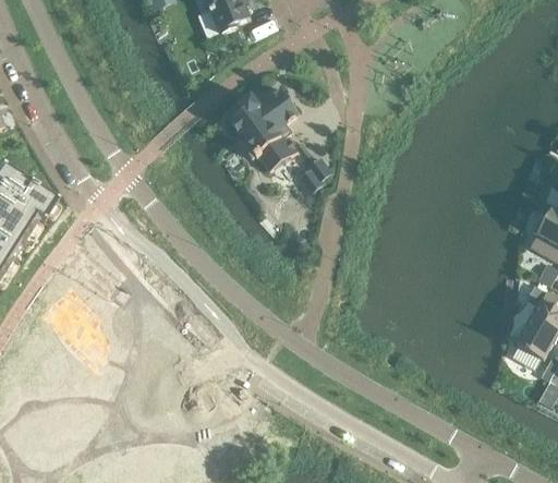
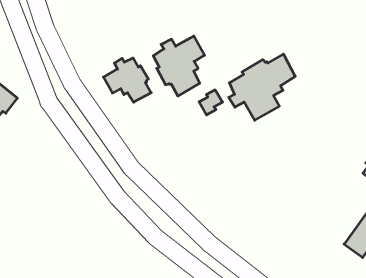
building: none -> [229,54,295,120]
building: none -> [103,58,151,102]

